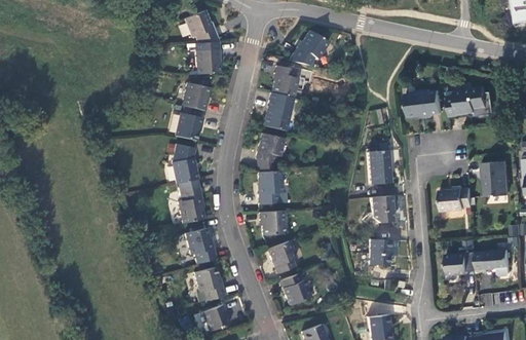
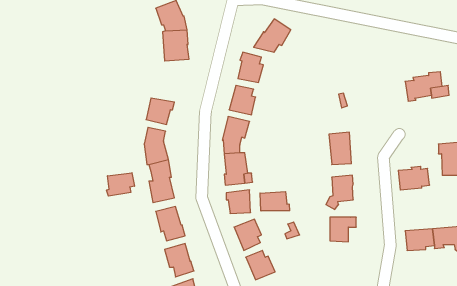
building: [182,83,209,112] -> none
building: [406,88,442,117] -> none
building: none -> [107,173,134,196]
building: none -> [260,192,290,211]

